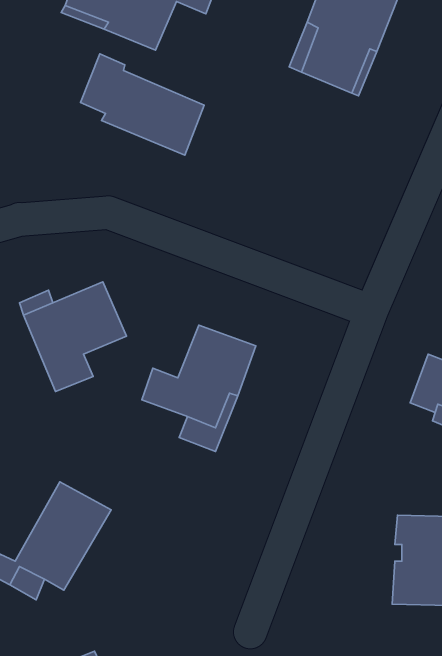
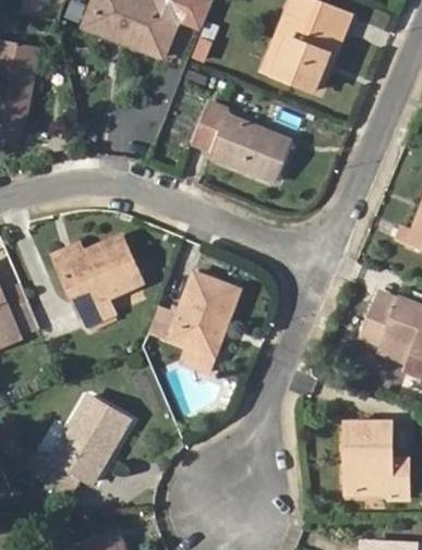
building: [80,54,204,155] -> [193,100,290,180]

